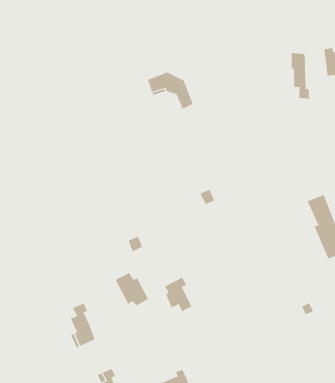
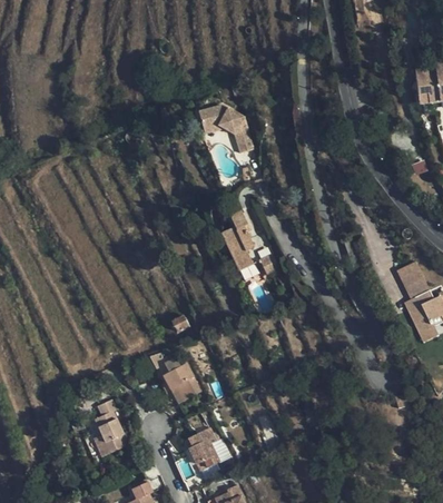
building: [291,52,309,99] -> none
building: none -> [222,208,256,269]
building: [164,277,192,312] -> [188,424,224,469]

